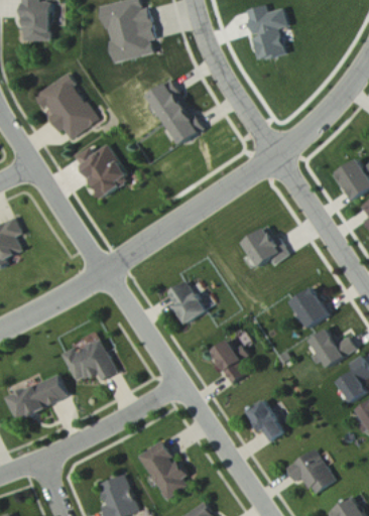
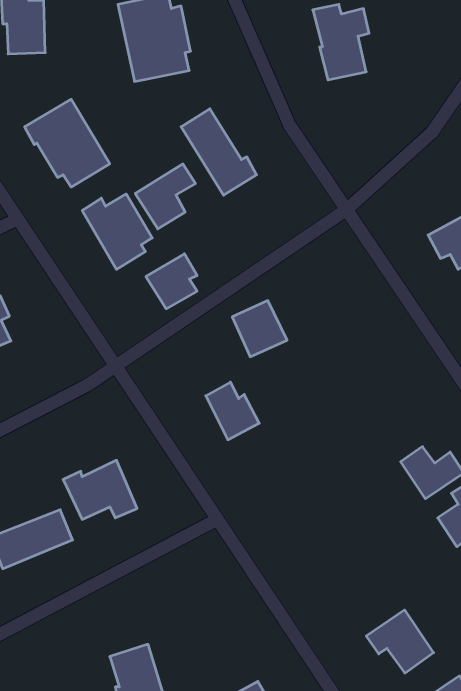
building: none -> [135,164,195,229]
building: none -> [146,254,197,309]
building: [243,227,283,268] -> [232,301,287,357]
building: [290,286,330,328] -> none
building: [209,341,248,385] -> none
building: [248,401,284,442] -> none
building: [138,440,188,500] -> none

